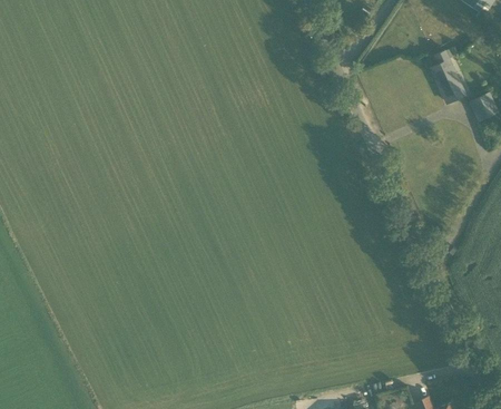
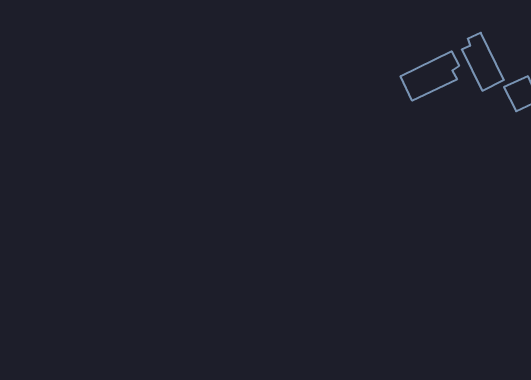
building: none -> [401,51,459,101]

